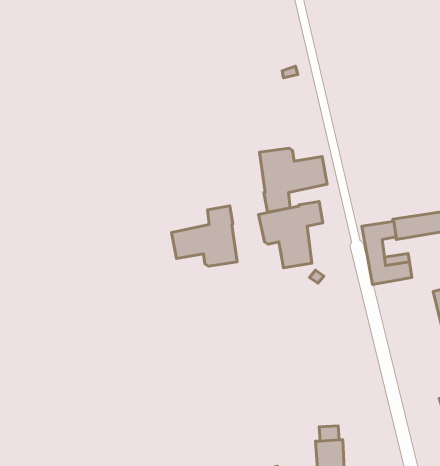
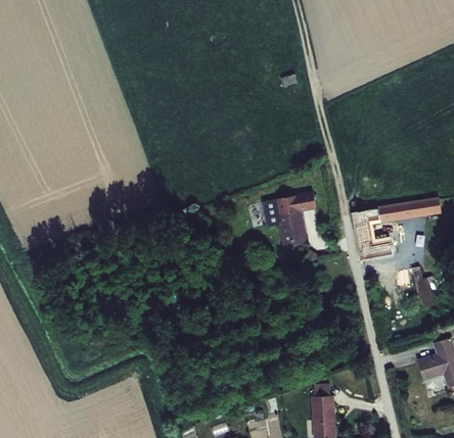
building: [259,148,327,212] -> none
building: [171,206,237,266] -> none

